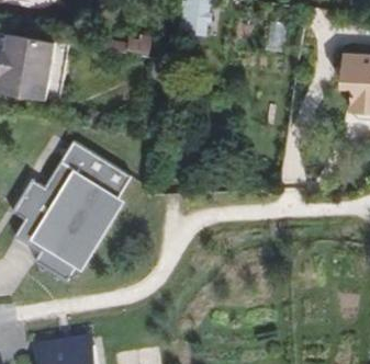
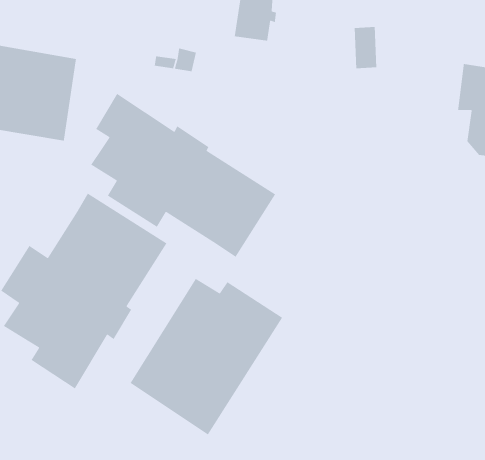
building: none -> [90,93,276,258]
building: none -> [130,278,283,436]

